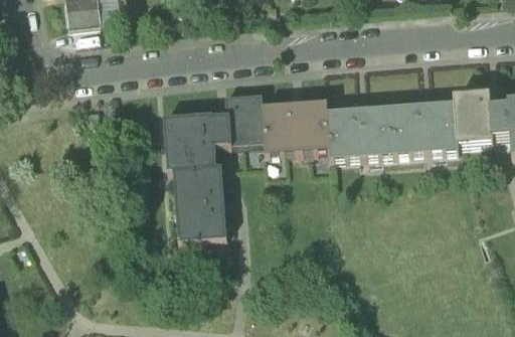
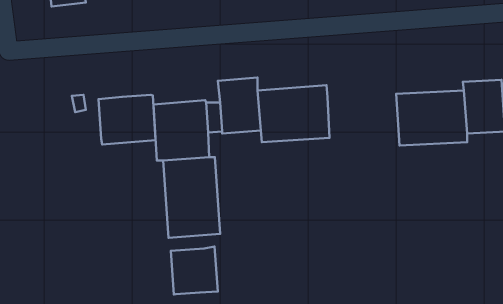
building: [327,111,394,162] -> none
building: none -> [98,95,155,144]
building: none -> [171,247,218,295]

